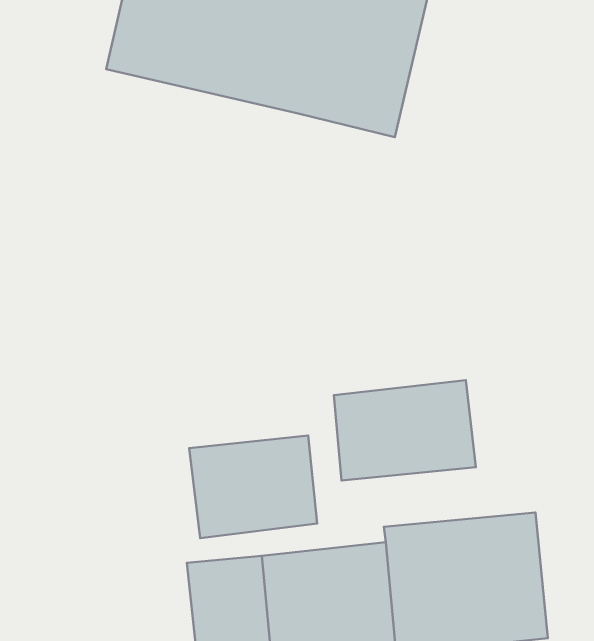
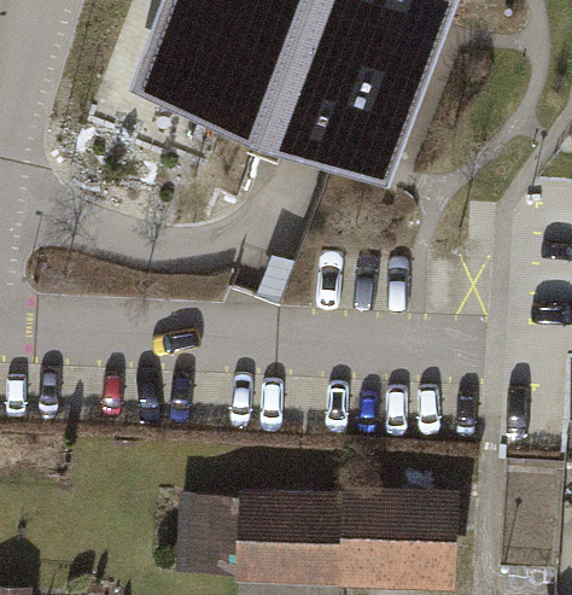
building: [334,380,476,480] -> none
building: [189,435,317,538] -> none

